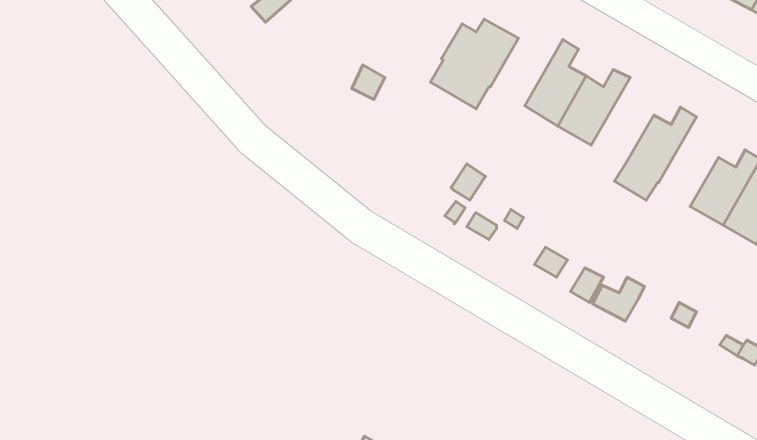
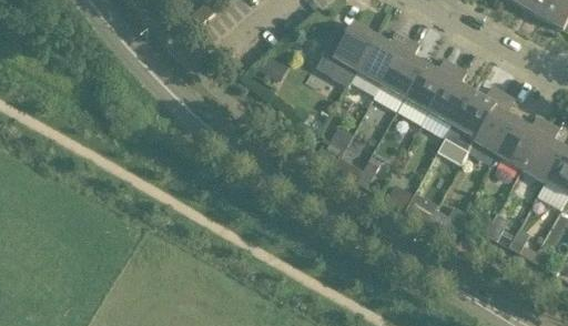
building: none -> [358,33,409,86]
building: none -> [429,67,474,128]
building: none -> [475,94,519,157]

